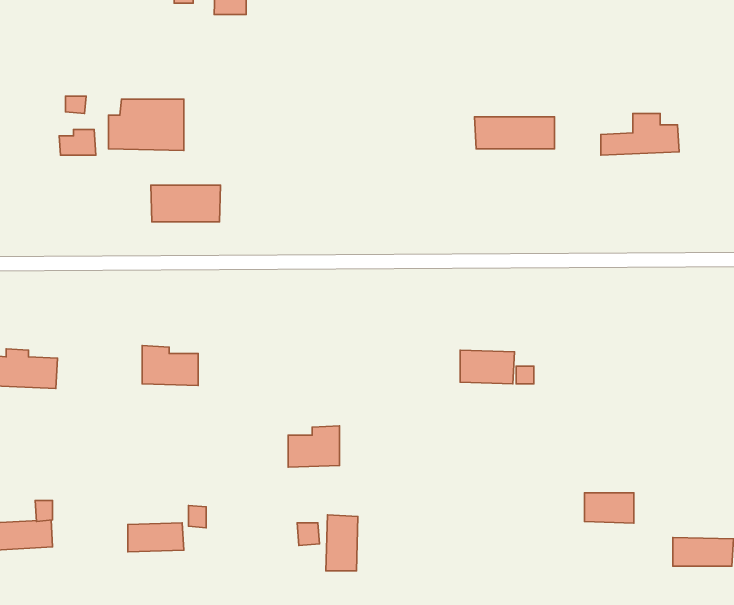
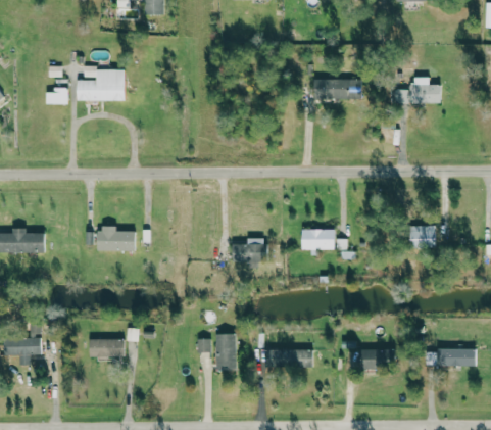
building: [151,185,221,222] -> none
building: none -> [408,226,436,248]
building: [288,426,339,467] -> [232,238,264,265]
building: [584,493,634,523] -> [359,349,391,369]
building: none -> [265,349,313,368]

